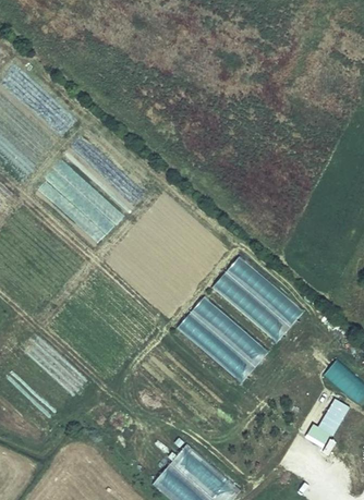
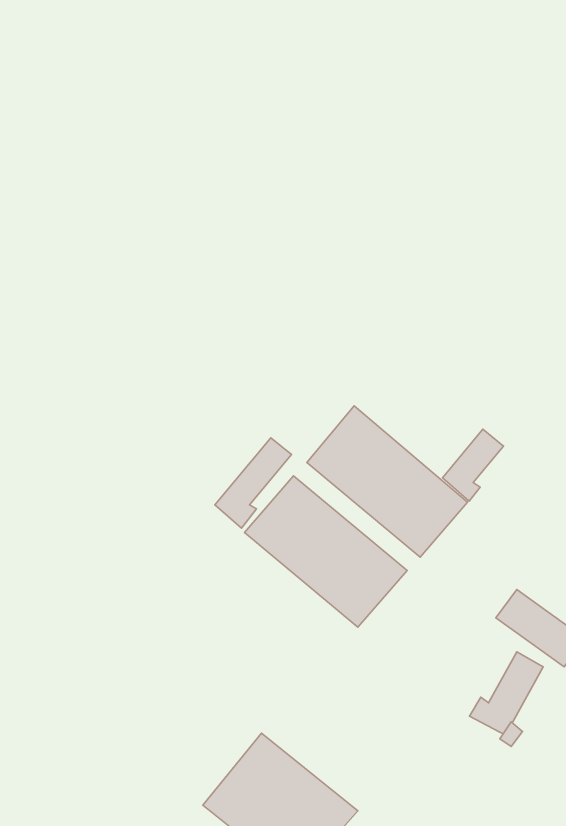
building: none -> [442,429,504,501]
building: none -> [215,438,291,528]

